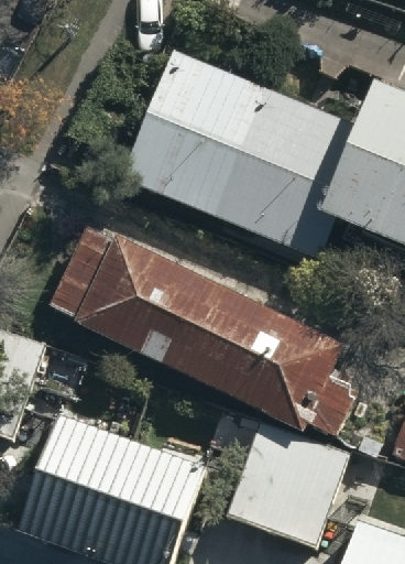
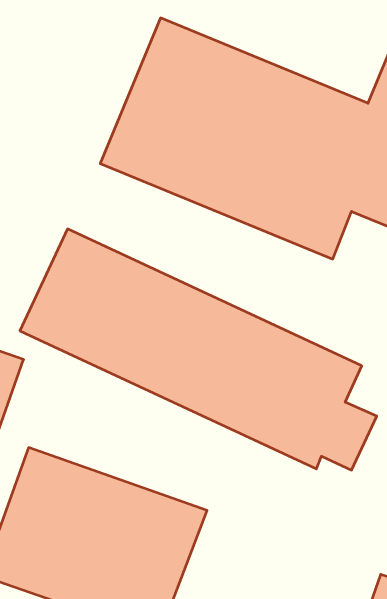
building: [236,427,350,545] -> none

